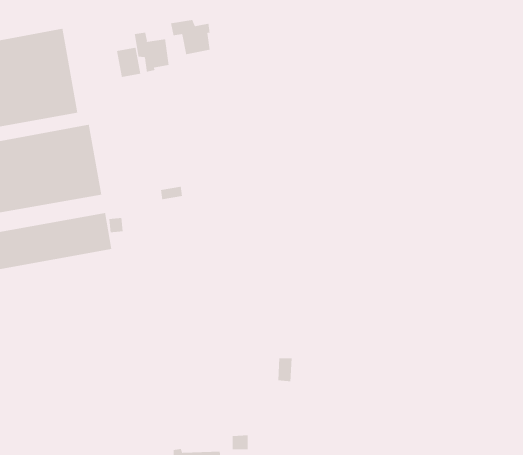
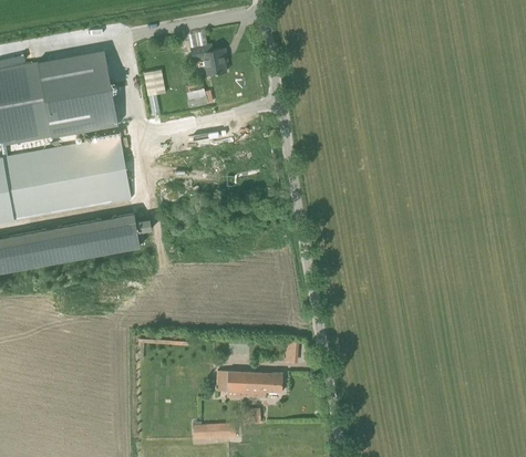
building: [134,32,169,73] -> none
building: none -> [217,370,282,398]

